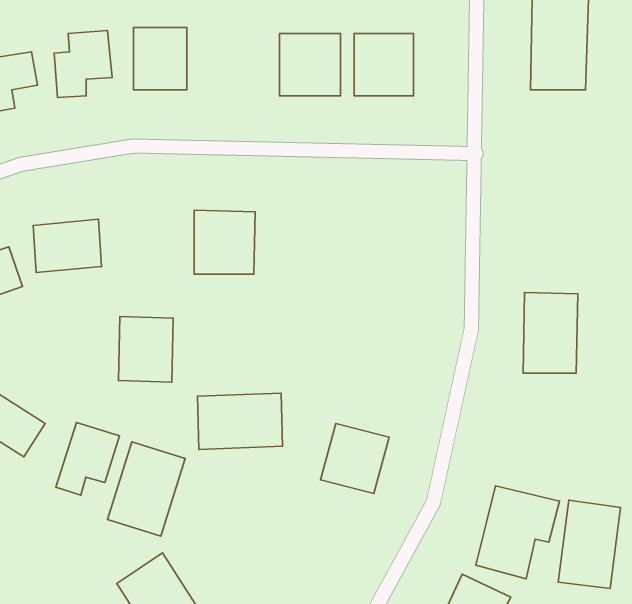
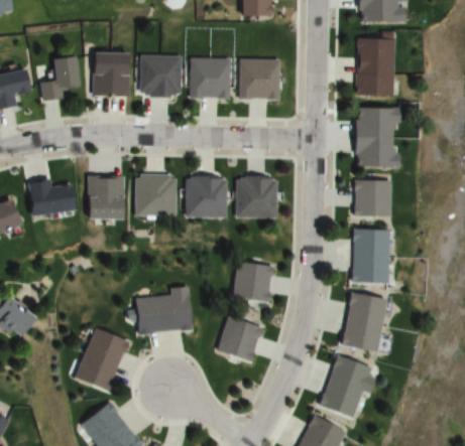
building: none -> [140,54,182,96]
building: none -> [355,106,398,167]
building: none -> [185,177,226,217]
building: none -> [235,178,276,217]
building: none -> [354,179,391,215]
building: [118,317,173,382] -> [86,175,122,218]
building: none -> [232,260,273,302]
building: [56,422,119,495] -> none
building: [558,500,621,588] -> [342,292,383,350]

